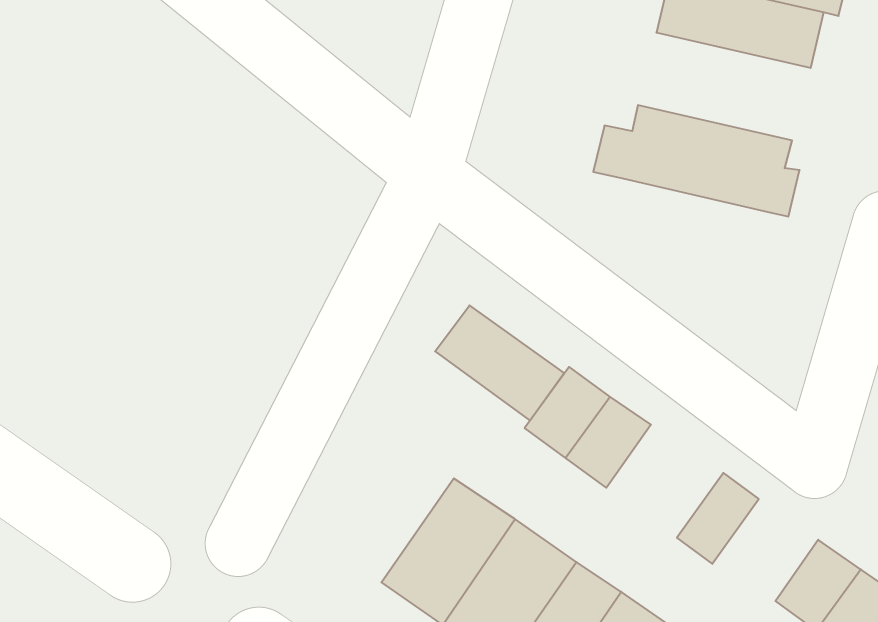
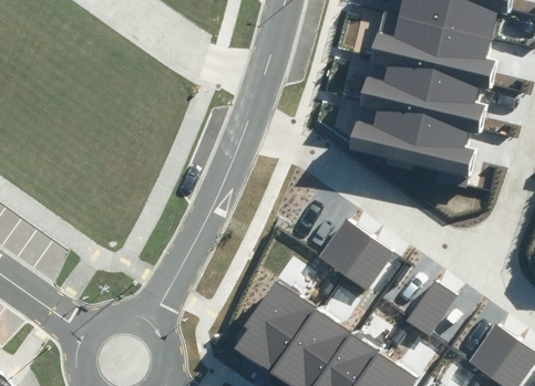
building: none -> [370,20,493,86]
building: none -> [348,106,470,173]
building: [435,305,564,420] -> none

